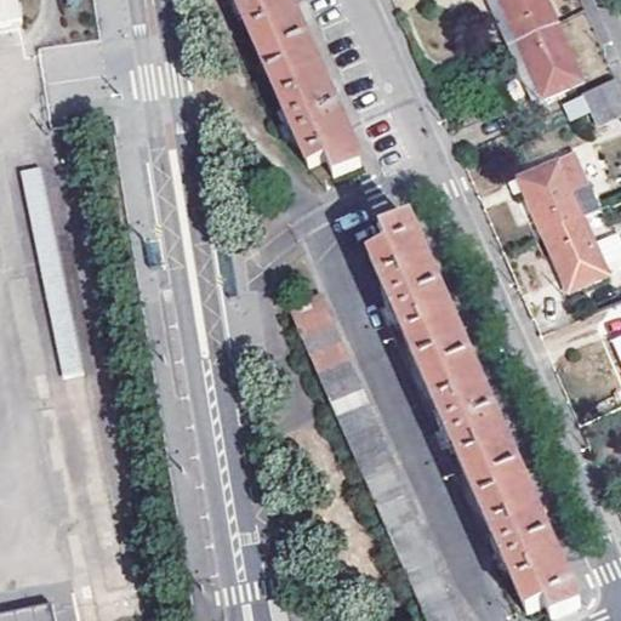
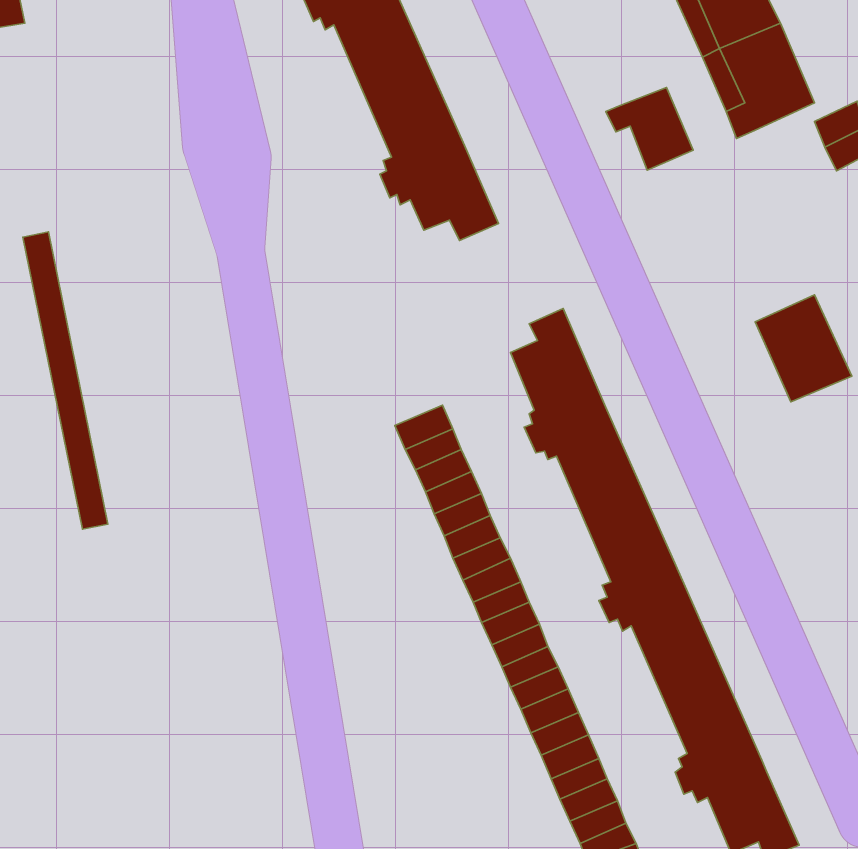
building: none -> [606,88,693,170]
building: [519,144,604,230] -> none

